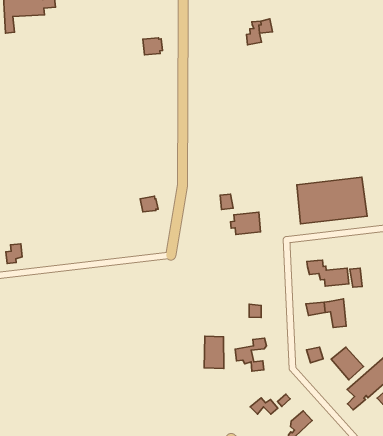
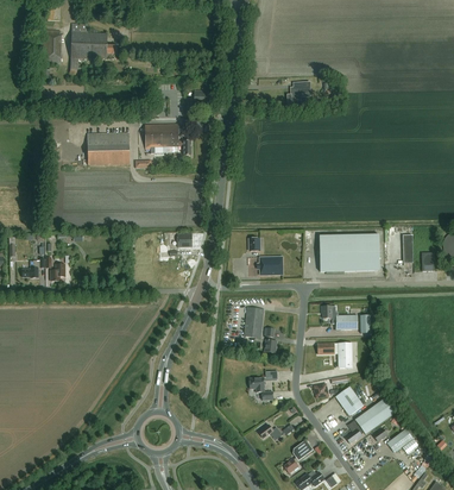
building: none -> [145,124,191,156]
building: none -> [87,132,130,165]
building: [204,336,224,368] -> [244,307,264,338]

